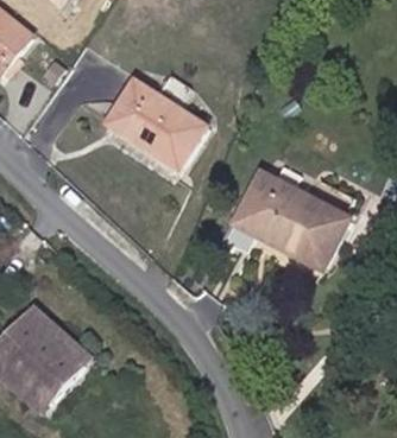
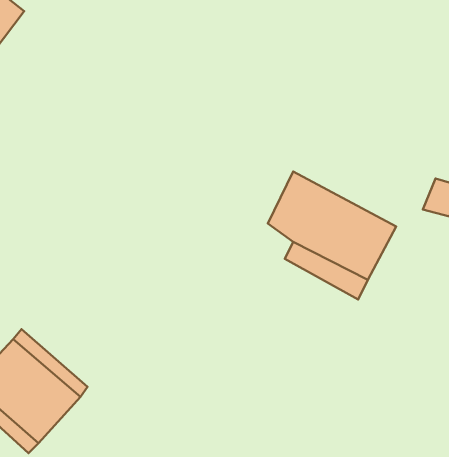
building: [102,75,204,171] -> none

